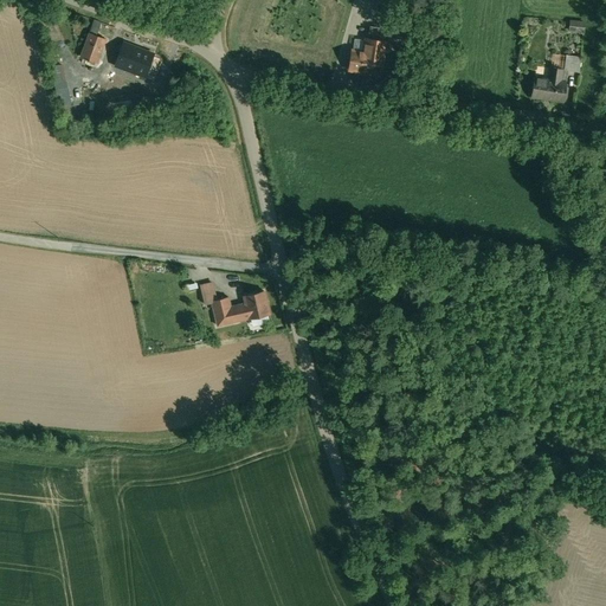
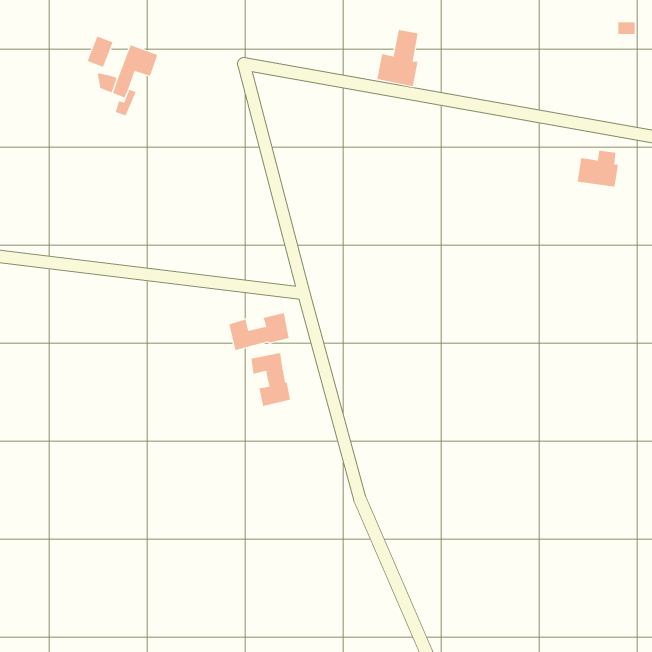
building: [530,70,569,104] -> [577,150,619,187]
building: none -> [251,352,291,407]

